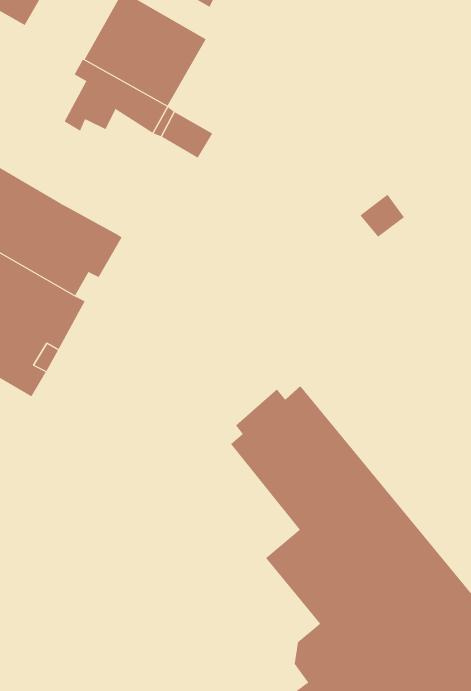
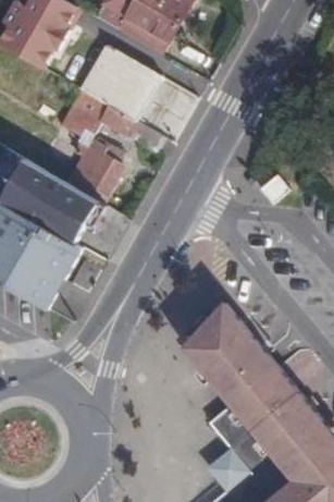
building: none -> [66,139,122,201]

